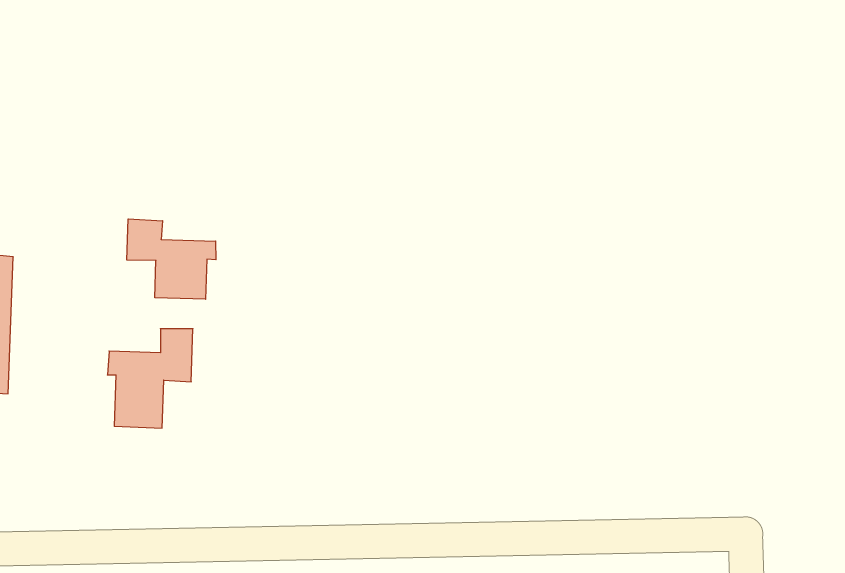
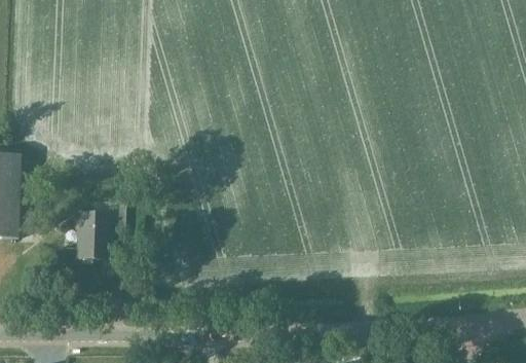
building: [127,219,216,299] -> none

